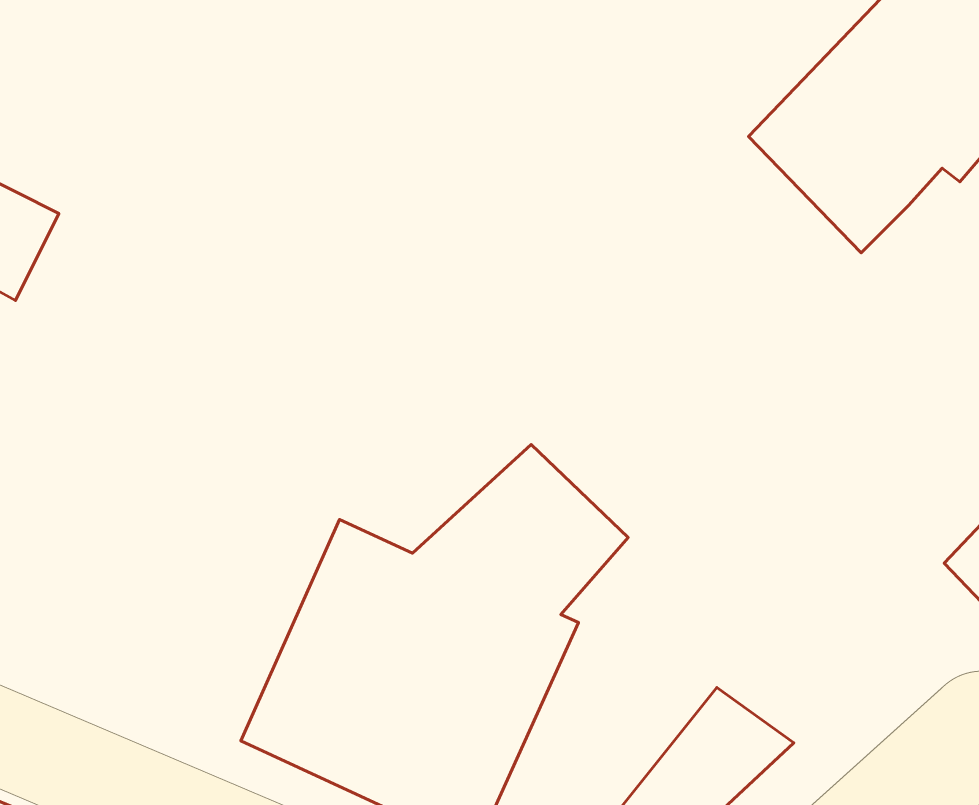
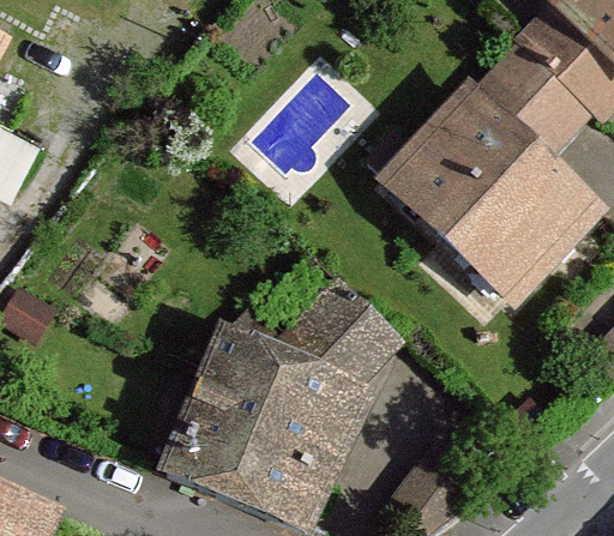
building: none -> [381,92,598,306]

